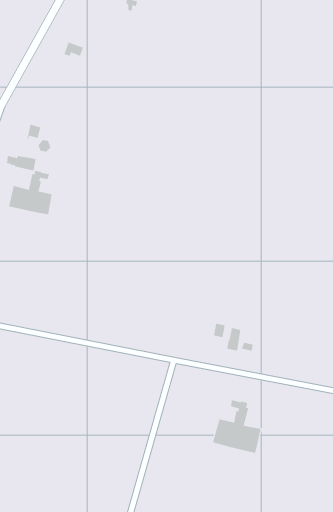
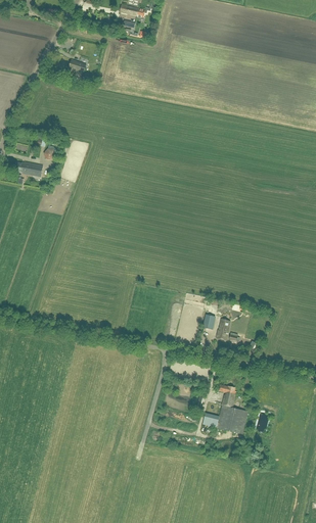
building: [8,170,52,215] -> none

